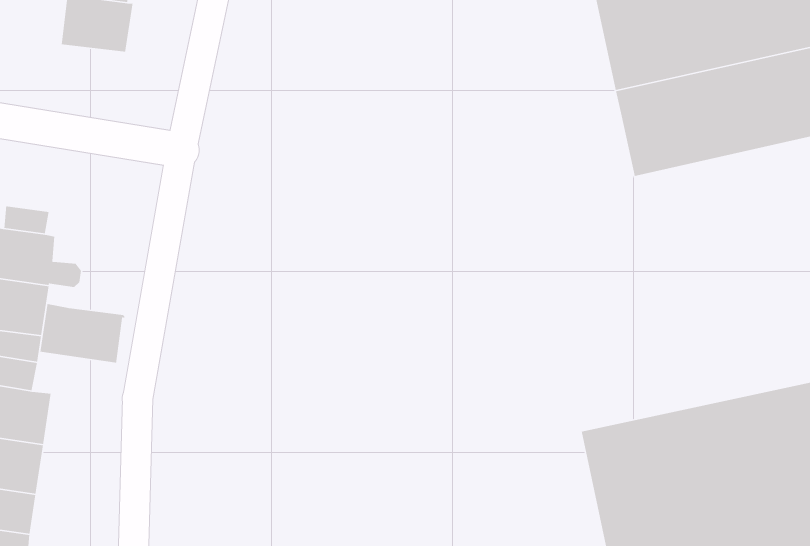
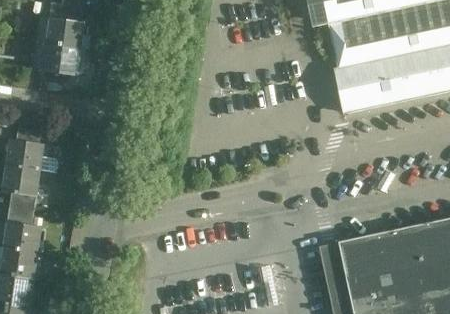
building: none -> [43,44,81,74]
building: [40,303,125,363] -> none

